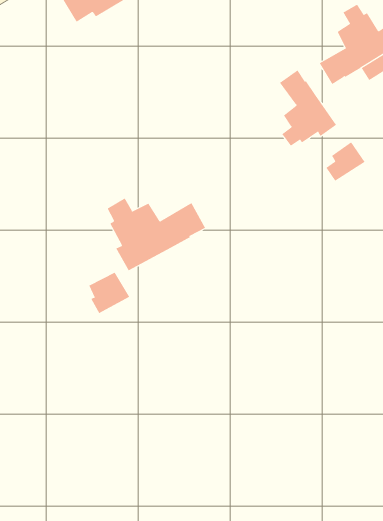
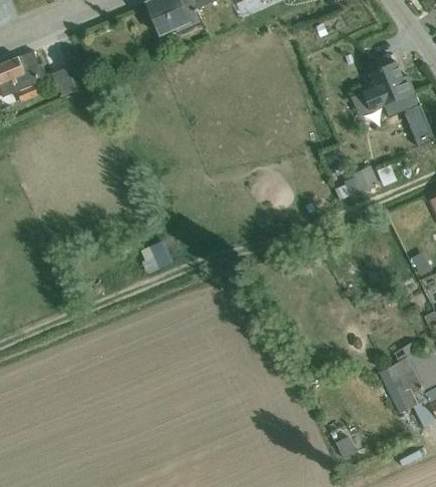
building: [279,70,337,146] -> none
building: [107,198,206,271] -> none

